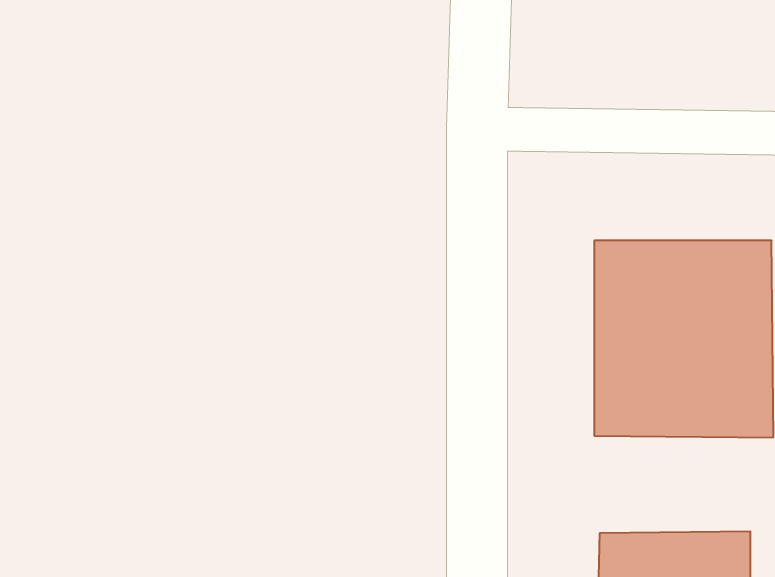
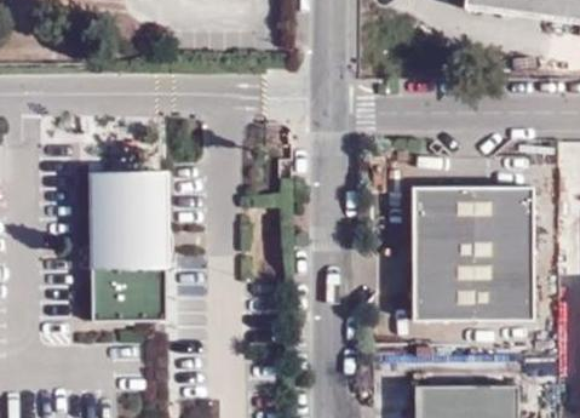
building: none -> [91,173,167,321]

